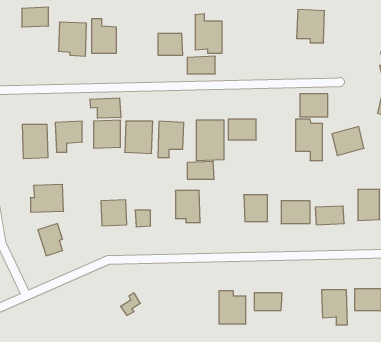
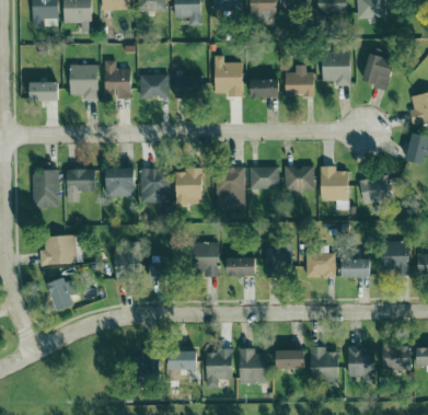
building: [22,7,49,27] -> [31,81,59,102]
building: none -> [362,54,395,89]
building: none -> [285,65,314,96]
building: none -> [140,73,170,99]
building: [187,56,215,74] -> [251,79,280,97]
building: [300,94,328,117] -> [285,166,314,191]
building: [90,98,121,118] -> none
building: [187,162,214,179] -> [228,257,256,276]
building: none -> [310,347,339,381]
building: none -> [207,350,232,388]
building: none -> [169,351,198,381]

